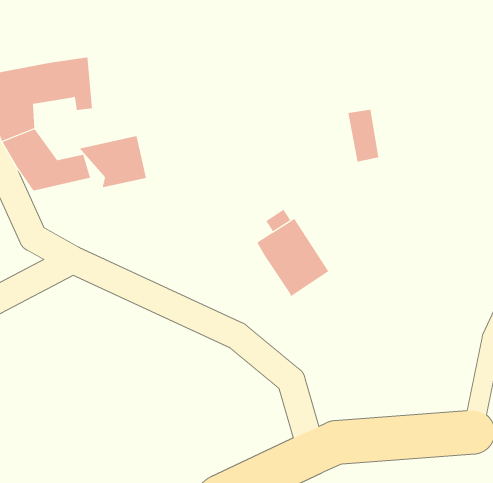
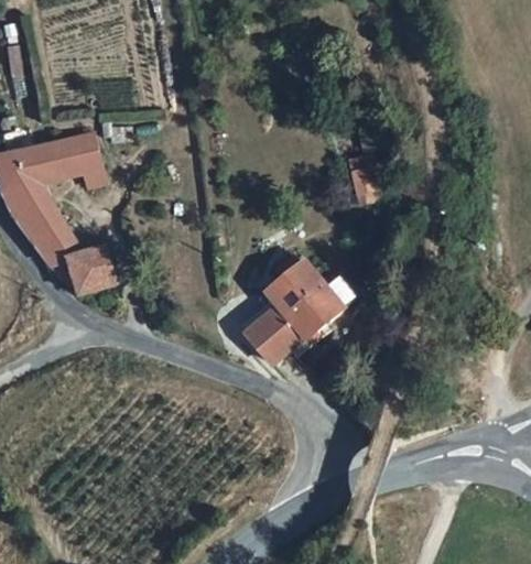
building: [79,135,147,188] -> [50,246,117,299]
building: none -> [246,306,302,362]

